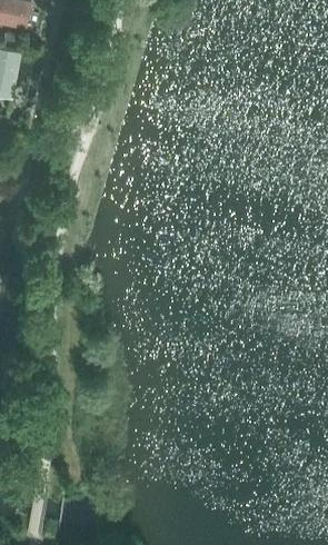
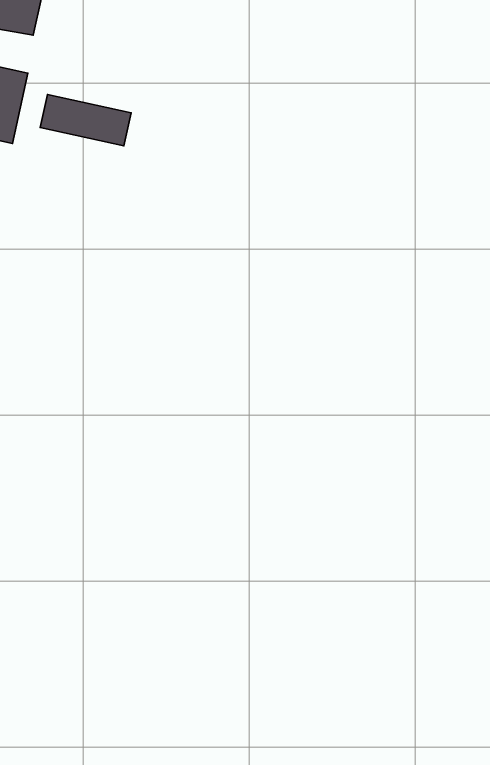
building: none -> [40,94,131,146]

